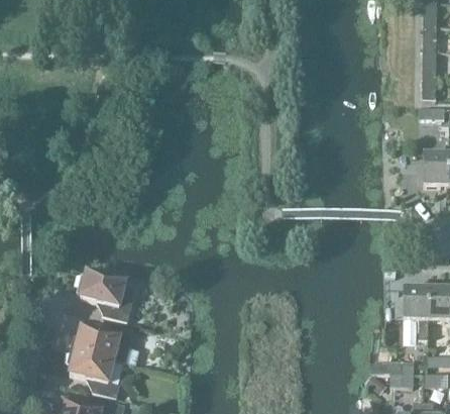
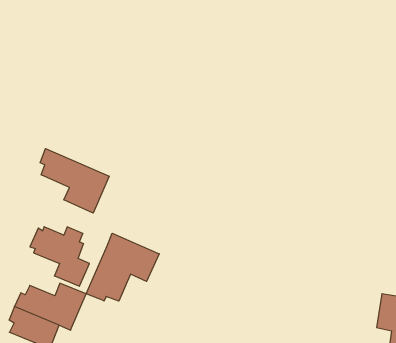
building: none -> [40,149,109,213]
building: none -> [86,233,159,301]

